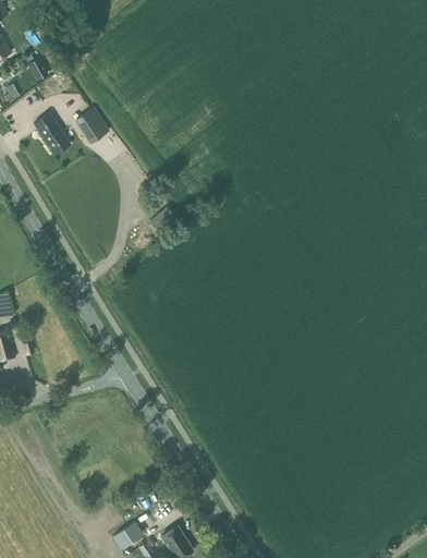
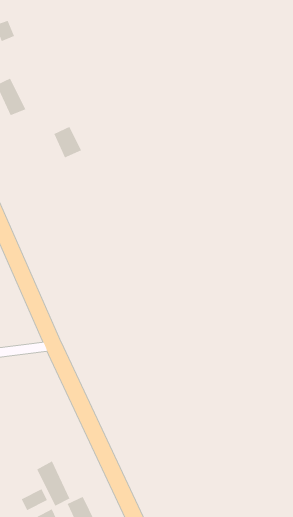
building: [76,113,107,146] -> [54,126,82,158]
building: none -> [37,460,70,506]

